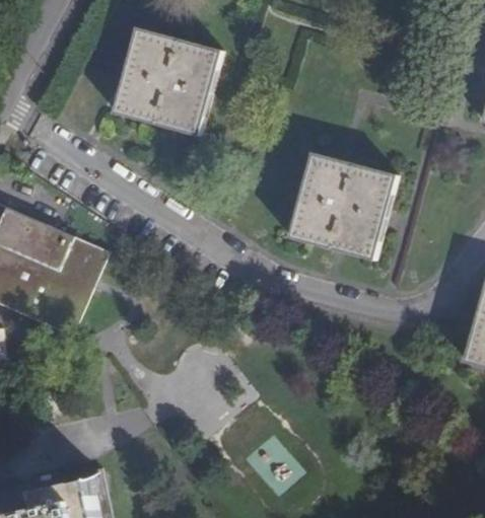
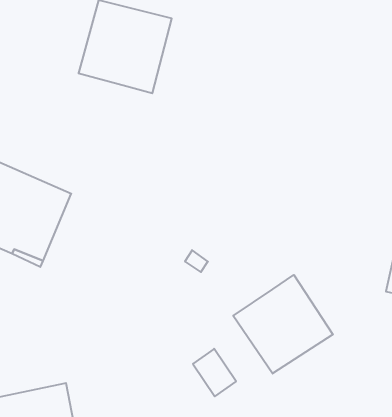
building: [288,152,398,263] -> none
building: none -> [233,275,333,374]

